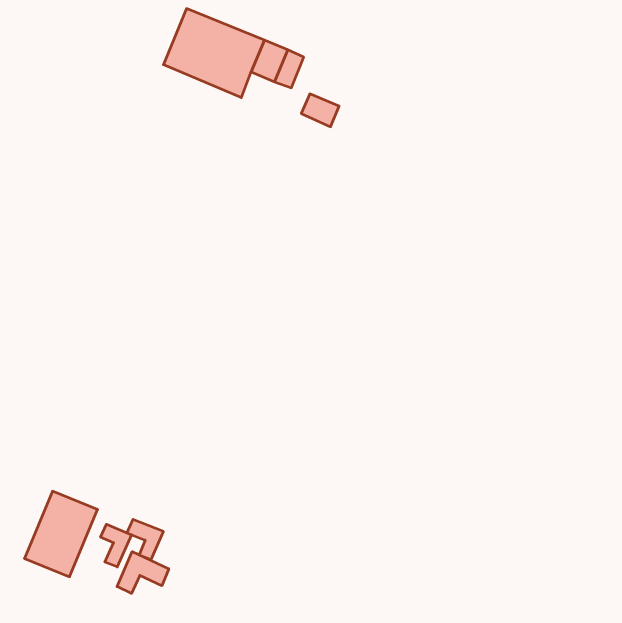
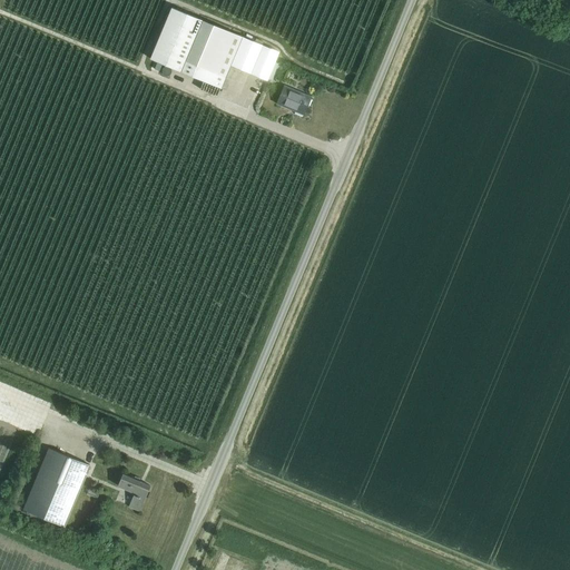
building: [101,524,132,567] -> none
building: [117,552,169,593] -> none

